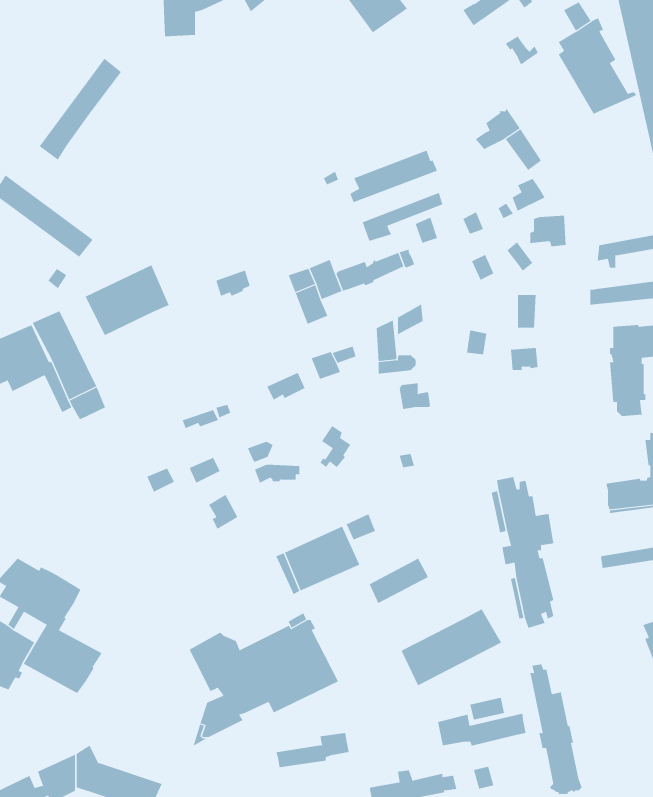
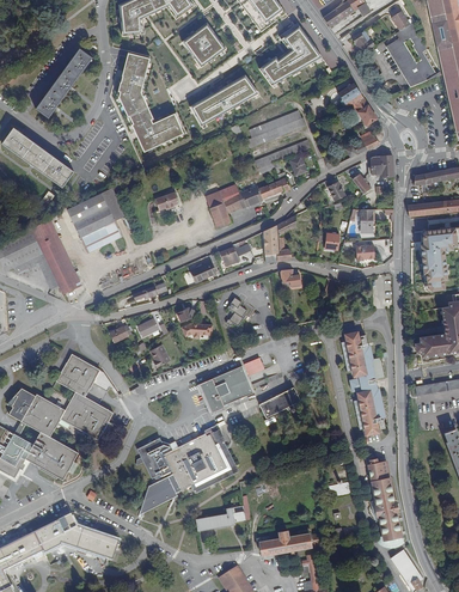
building: none -> [184,23,226,66]
building: none -> [259,30,318,86]
building: none -> [120,50,185,153]
building: none -> [192,75,258,126]
building: none -> [81,220,121,251]
building: none -> [56,352,114,439]
building: [401,608,502,686] -> none
building: [437,713,526,747] -> none

